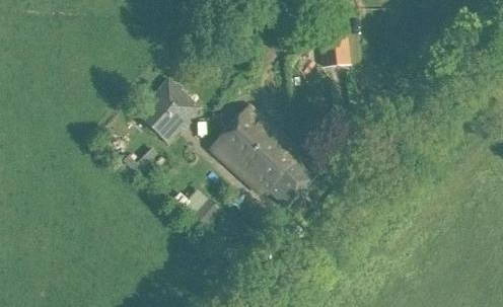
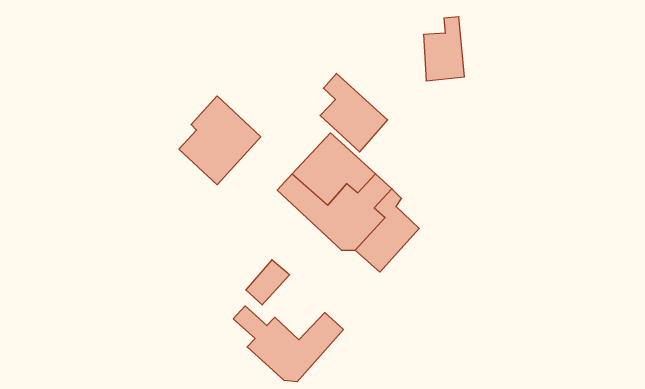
building: none -> [320,73,388,152]
building: none -> [233,306,343,382]

